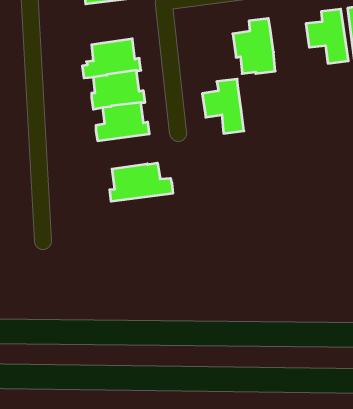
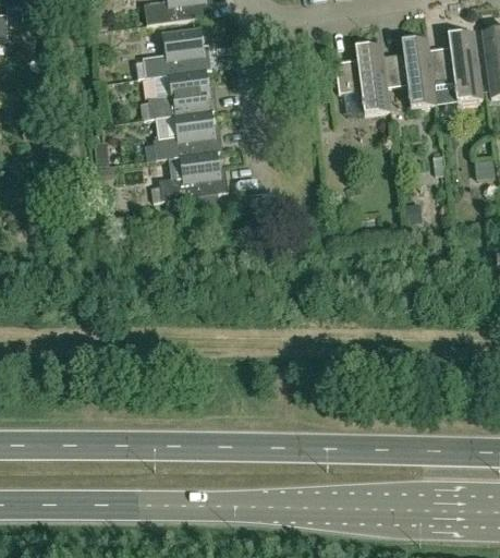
building: none -> [143,26,211,76]
building: [202,79,244,133] -> [382,36,436,106]
building: [110,163,173,201] -> none

